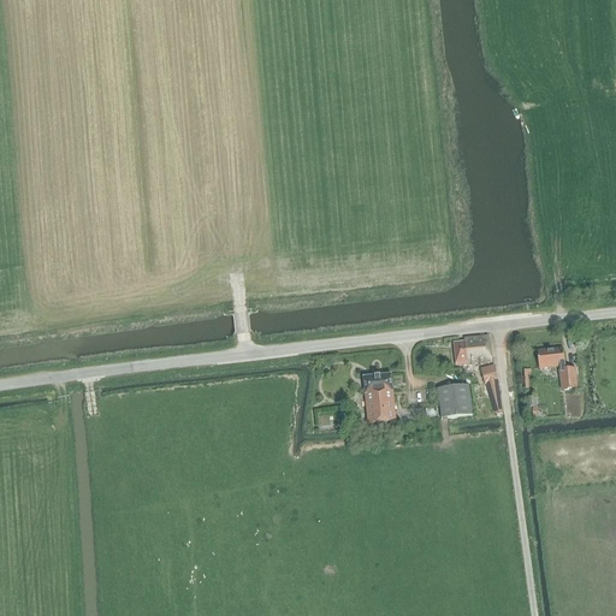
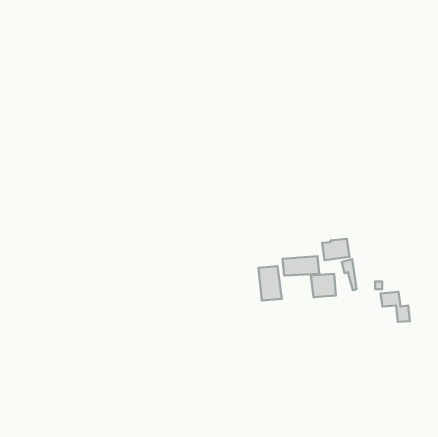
building: [535,346,576,389] -> [381,292,410,322]
building: none -> [283,256,319,276]

